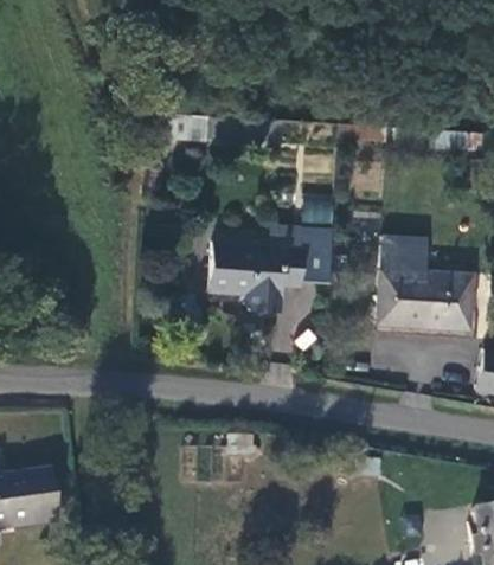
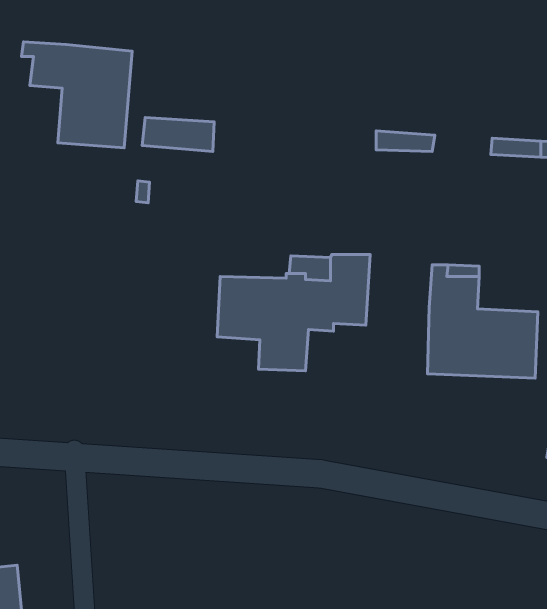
building: none -> [22,42,132,148]

